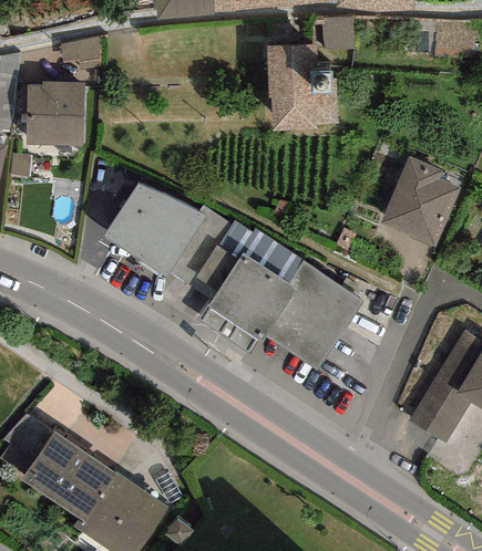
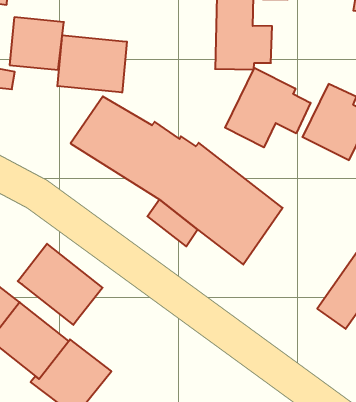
building: none -> [57,35,127,93]
building: none -> [225,68,311,147]
building: none -> [18,244,103,325]

